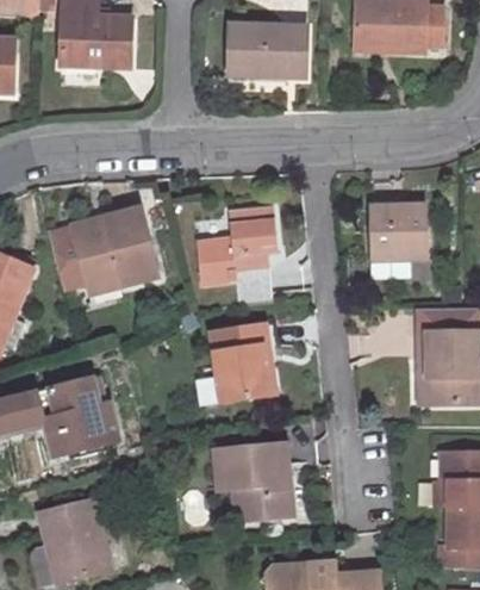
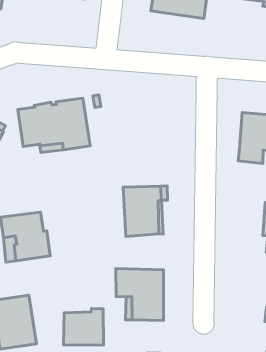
building: [217,206,276,303] -> none
building: none -> [63,309,104,345]

